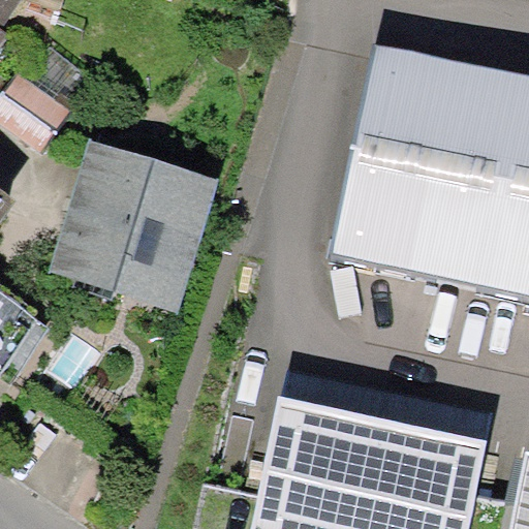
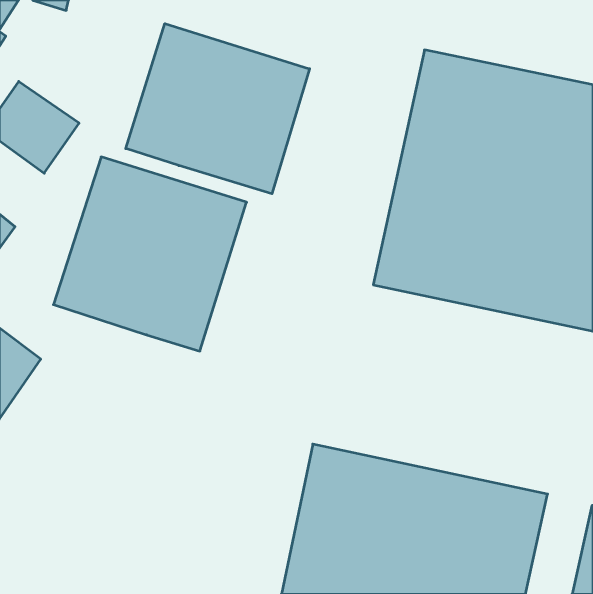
building: none -> [126,24,310,194]

